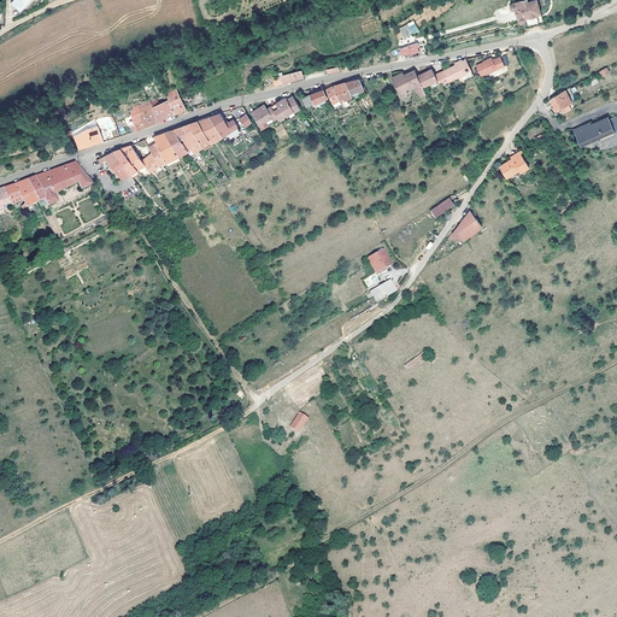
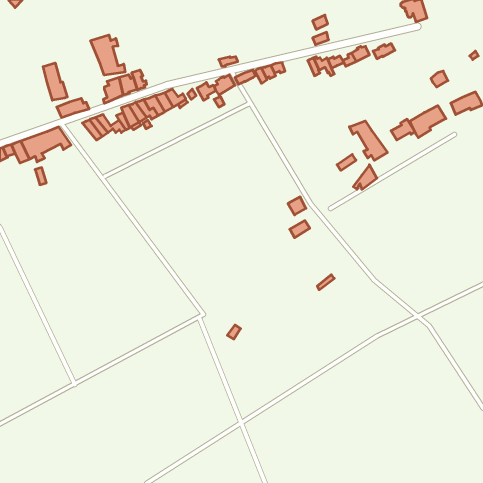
building: none -> [91,35,125,75]
building: none -> [43,63,67,100]
building: none -> [410,106,446,138]
building: none -> [349,121,387,160]

